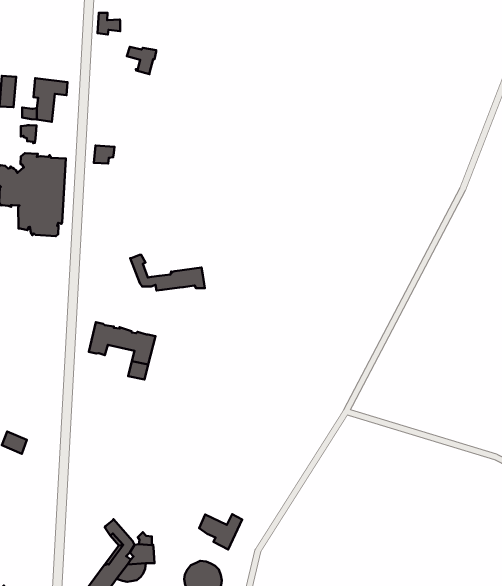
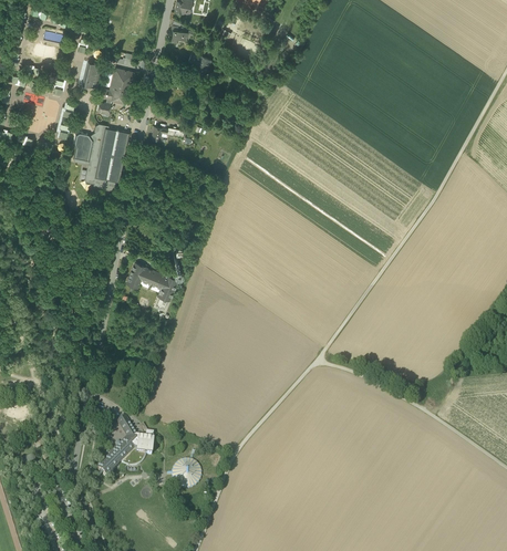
building: [130,255,205,290] -> none
building: [199,514,242,549] -> none

